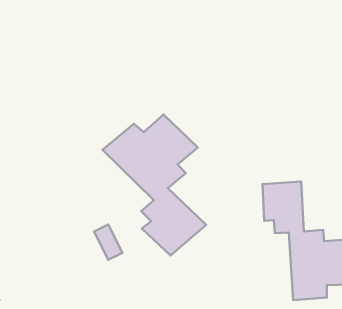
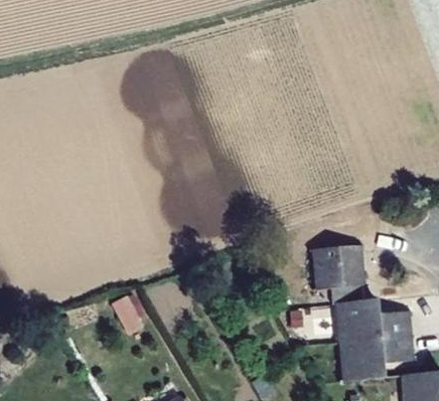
building: [103,114,206,255] -> none

